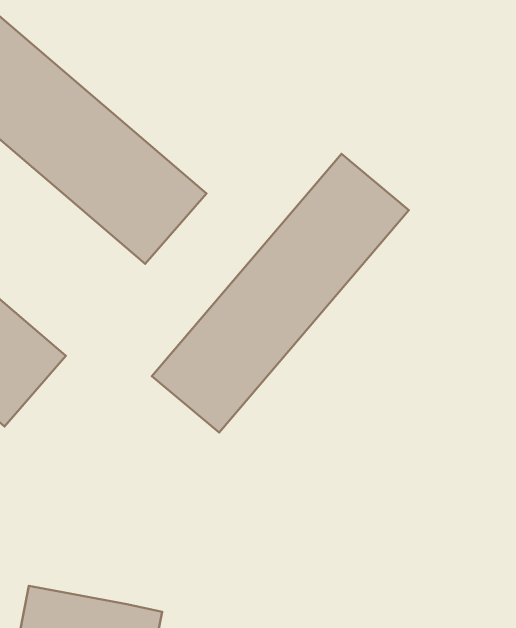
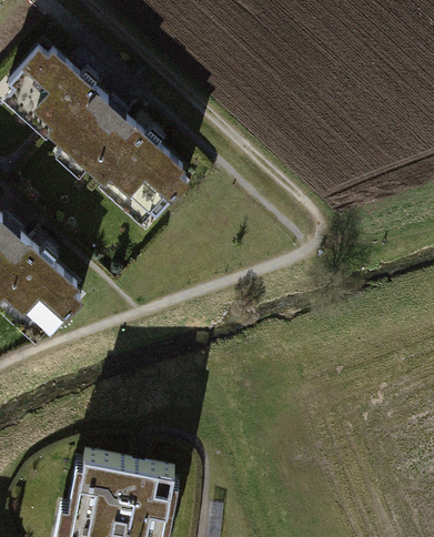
building: [152,154,409,432] -> none

